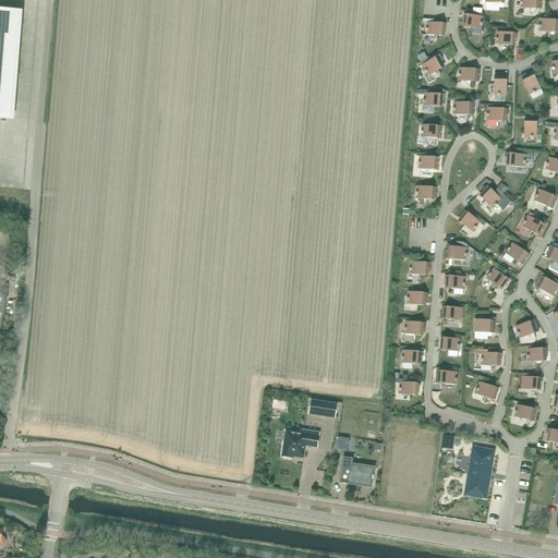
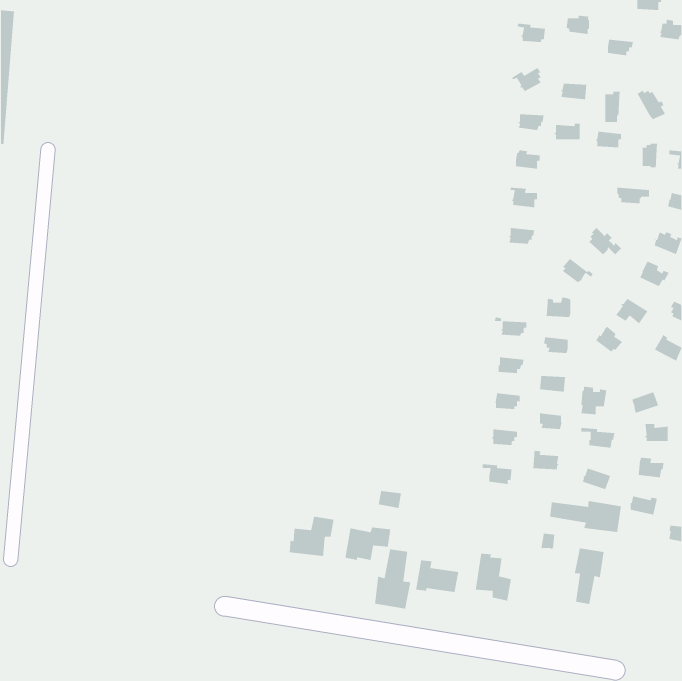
building: none -> [549,500,622,533]
building: none -> [289,516,335,557]
building: none -> [374,548,411,610]
building: none -> [475,553,512,601]

